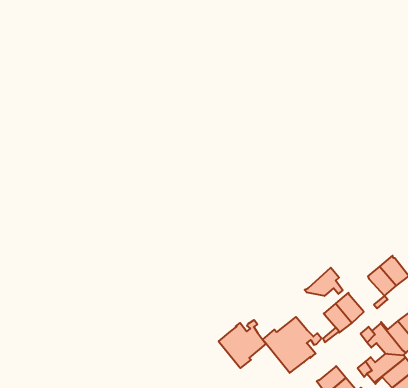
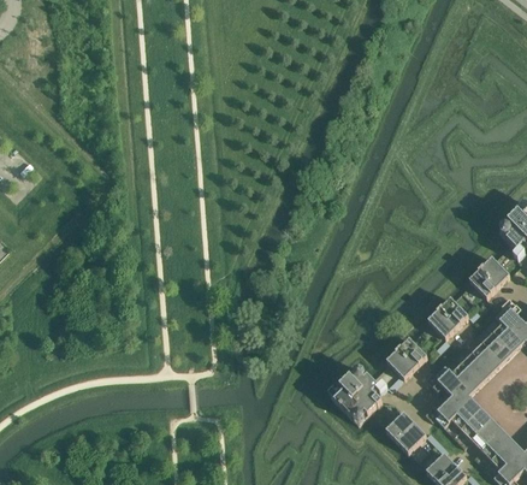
building: [305,268,343,296] -> none
building: [219,320,266,368] -> none

